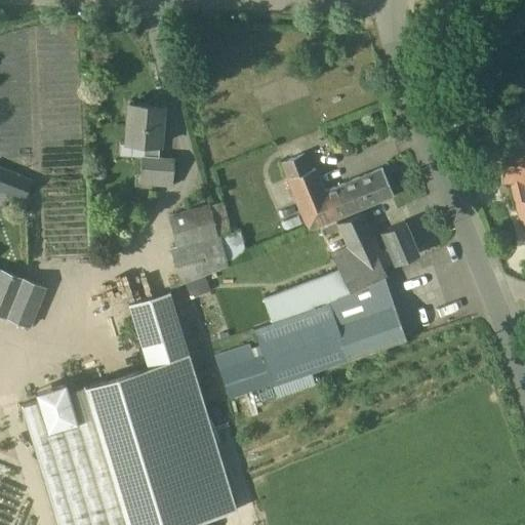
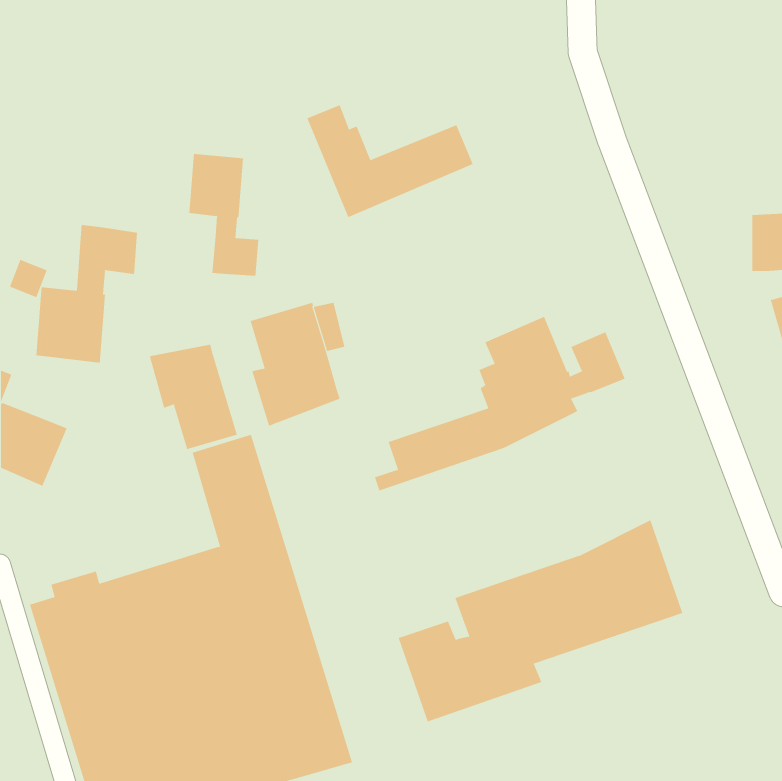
building: none -> [36,224,138,364]
building: [283,157,395,233] -> [307,104,474,218]
building: none -> [149,344,238,450]
building: [216,278,407,413] -> [398,520,683,722]

